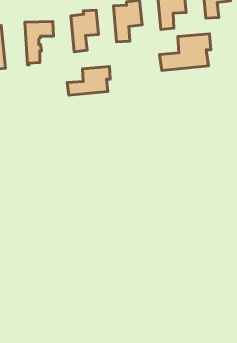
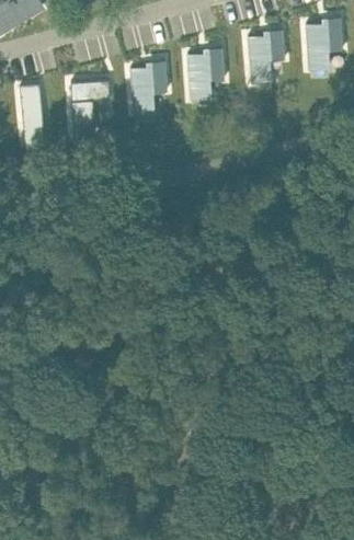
building: [160,34,211,70] -> none
building: [67,67,110,95] -> none

